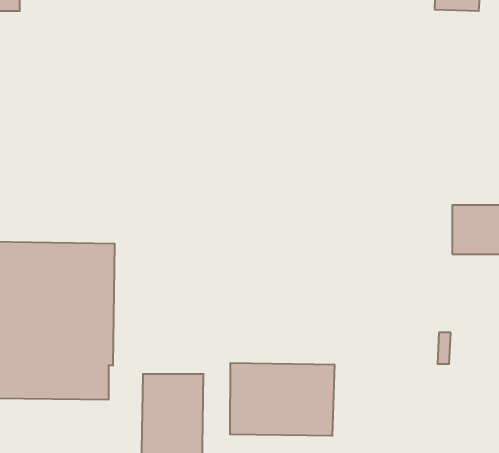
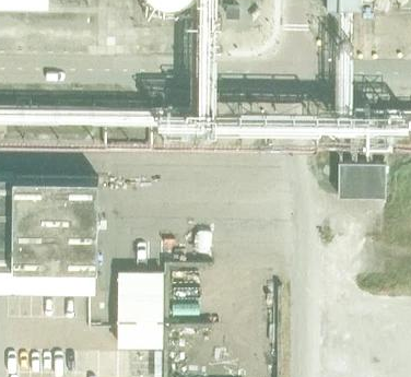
building: [230,363,334,436] -> none

